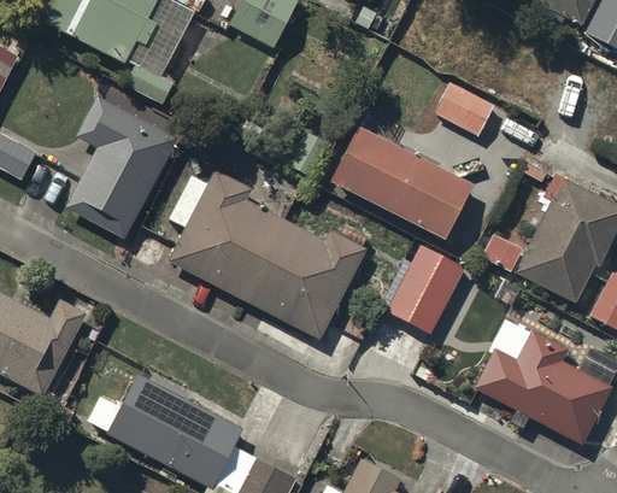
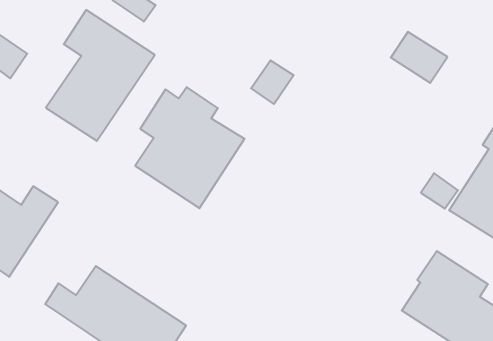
building: [330,127,470,237] -> none
building: [243,218,366,339] -> none
building: [387,247,464,334] -> none

